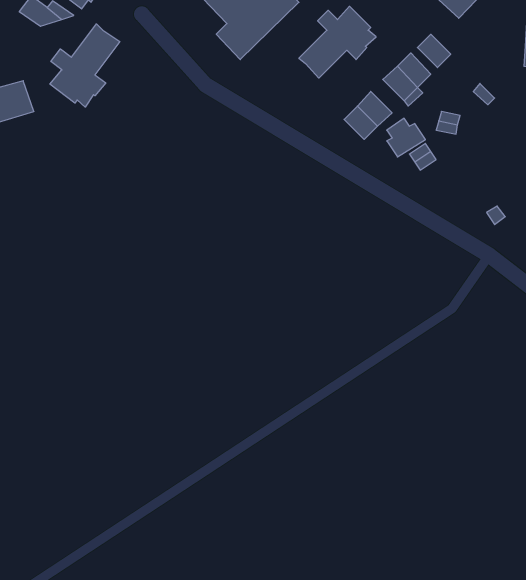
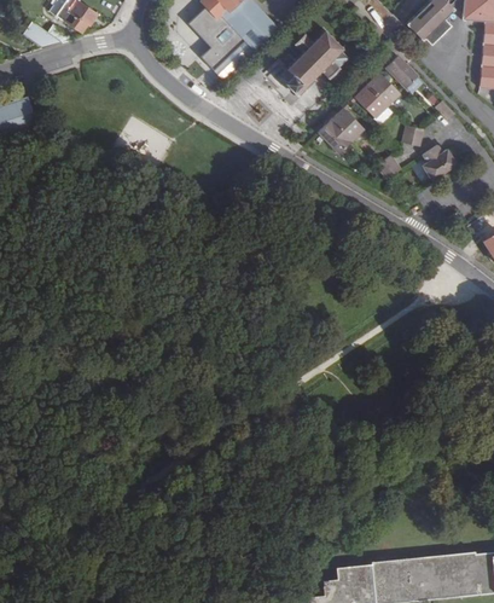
building: [50,24,120,107] -> none
building: [387,118,425,157] -> [422,145,457,180]

